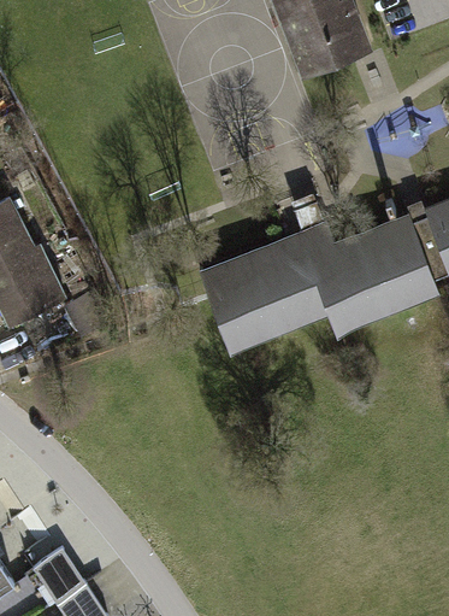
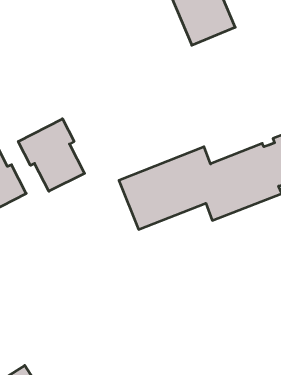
building: none -> [18,119,85,191]

